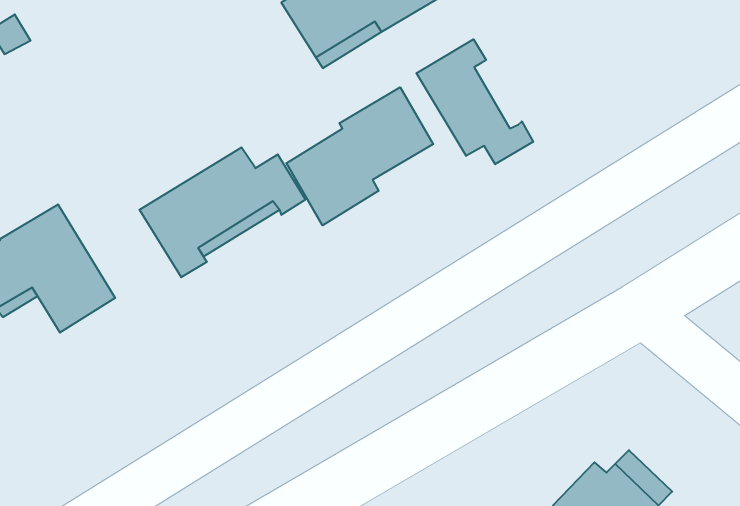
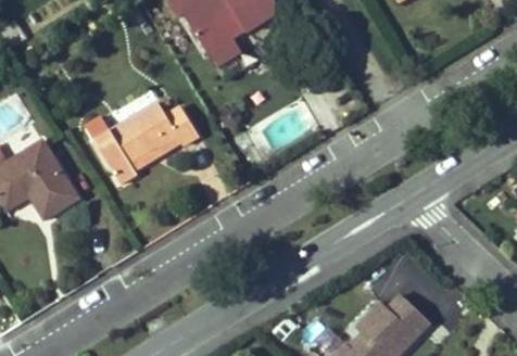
building: [416,39,533,164] -> none
building: [286,87,433,225] -> none

